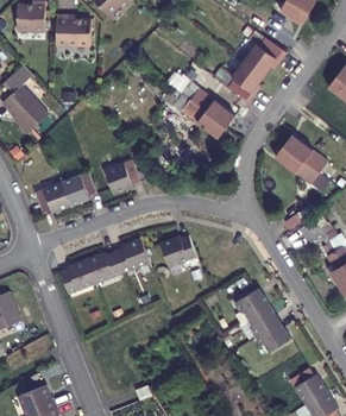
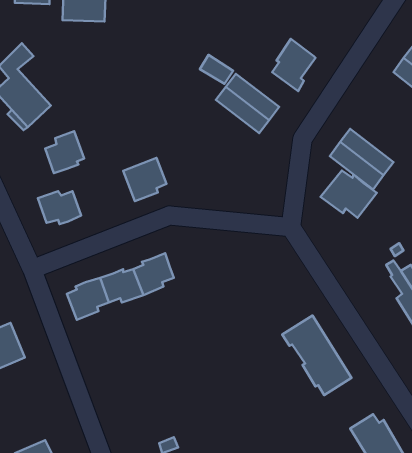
building: [244,37,285,76] -> none
building: none -> [321,171,377,218]
building: [64,171,96,206] -> [45,131,84,173]
building: [157,234,194,266] -> none

